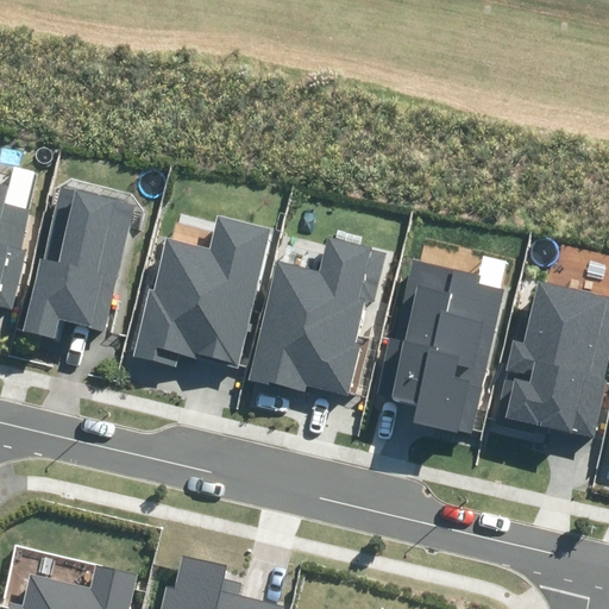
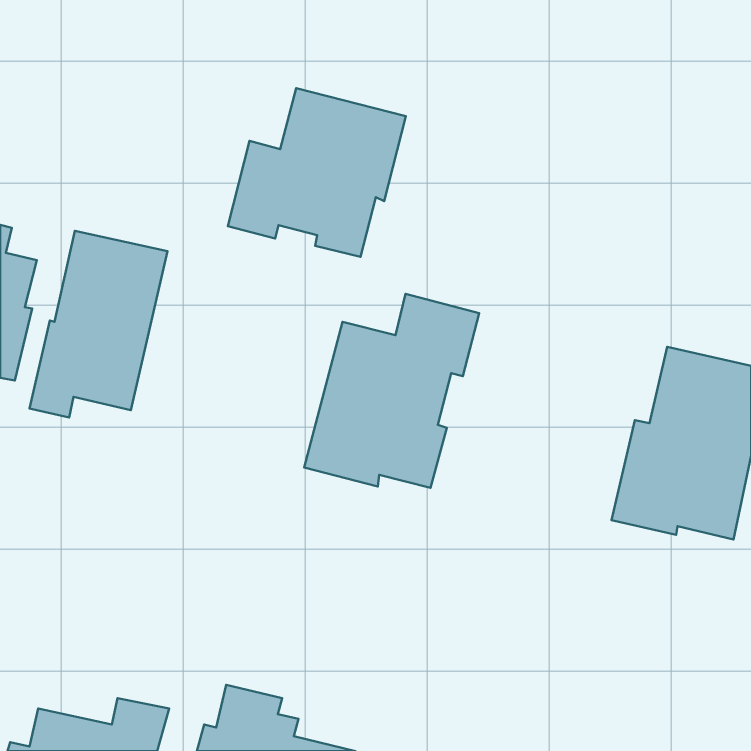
building: none -> [228,88,406,257]
building: [133,216,272,366] -> none
building: [379,260,504,435] -> none

